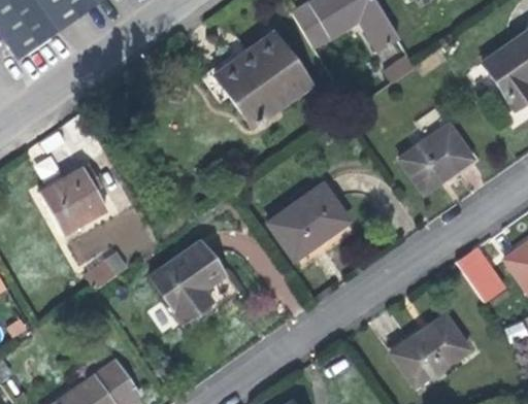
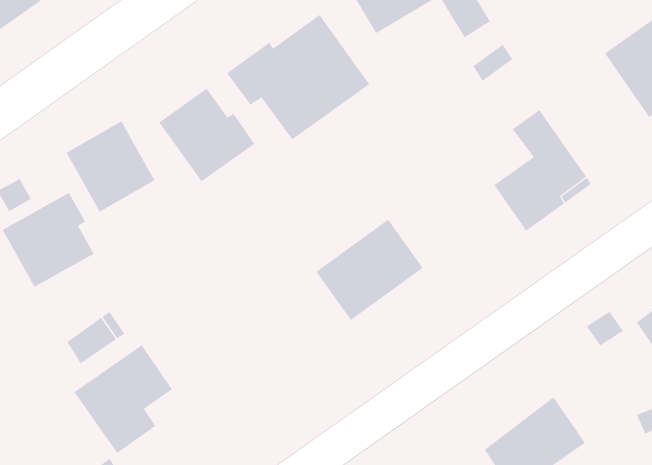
building: none -> [159,88,255,182]
building: none -> [66,121,155,212]
building: [150,241,223,322] -> [74,344,173,454]

